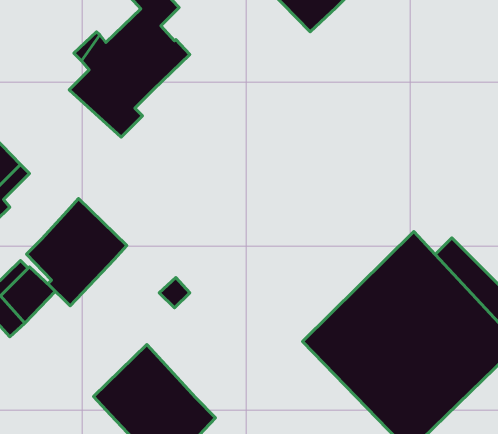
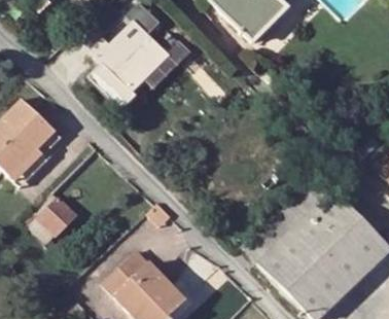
building: none -> [143,33,190,90]
building: [26,199,127,306] -> none

